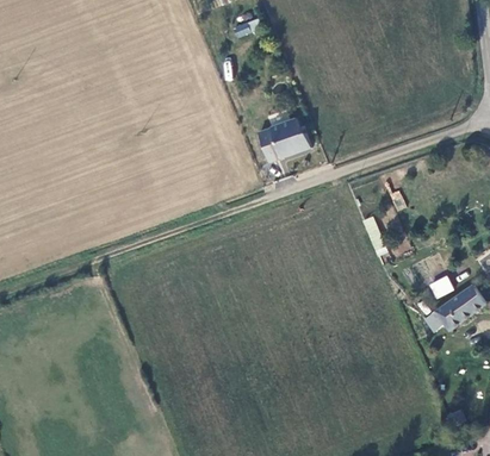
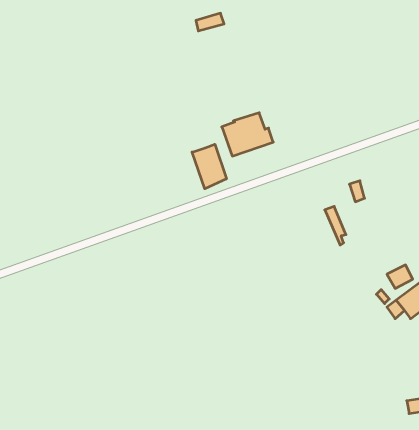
building: none -> [192,144,226,189]

